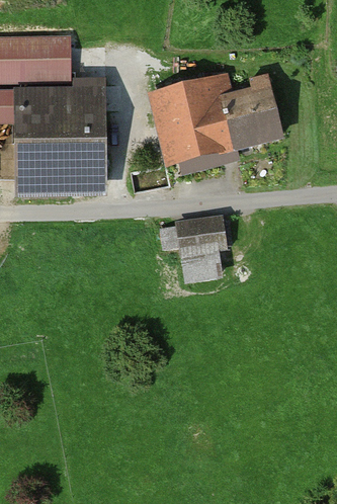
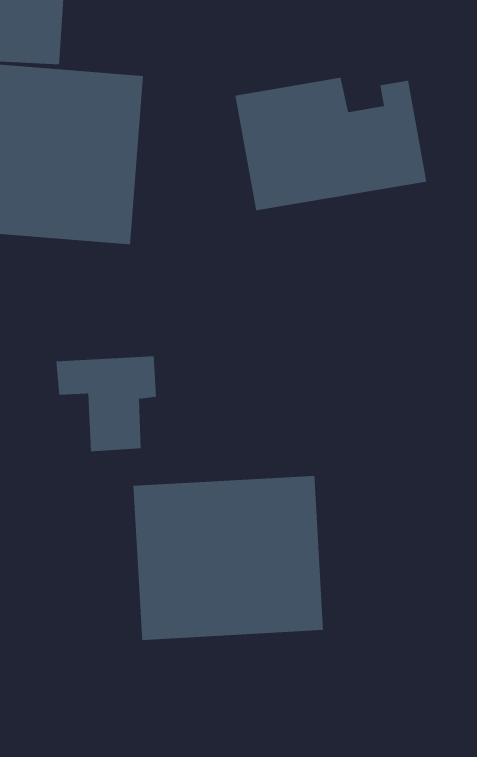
building: [160,222,222,281] -> [56,356,157,452]
building: none -> [133,475,324,641]

